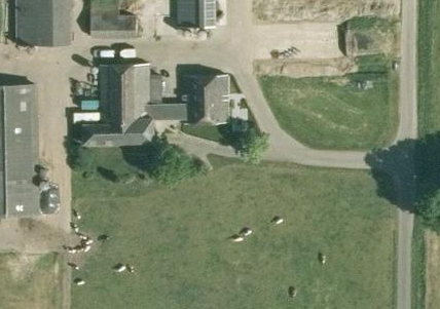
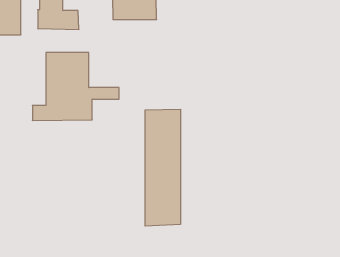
building: [182,77,225,122] -> none
building: none -> [145,109,180,226]

